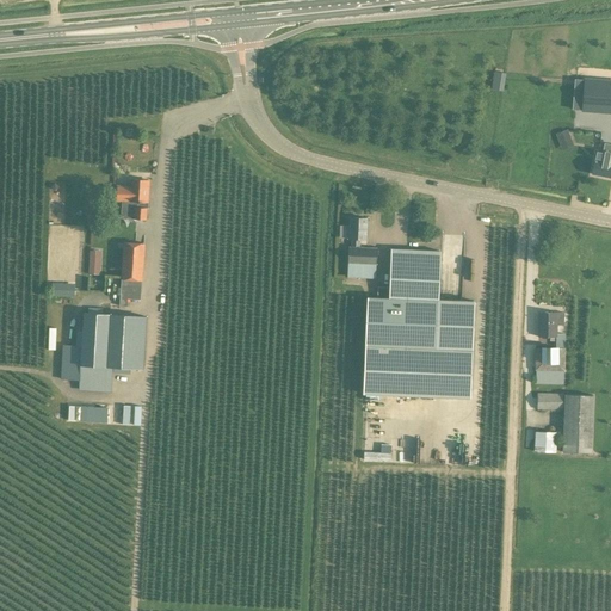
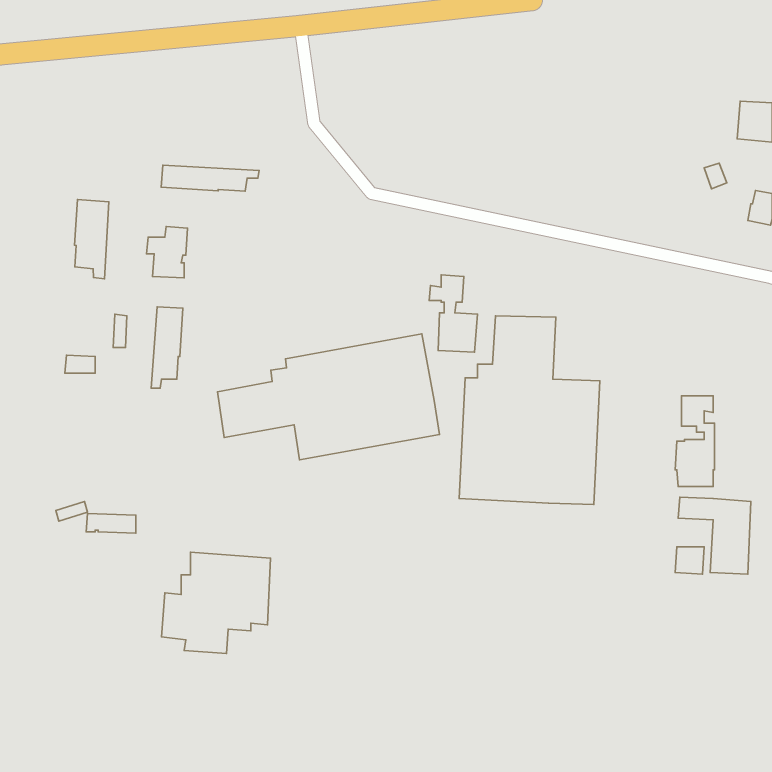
building: none -> [161,165,259,191]
building: none -> [74,200,109,279]
building: none -> [218,334,439,460]
building: [60,313,146,393] -> [162,552,270,653]

